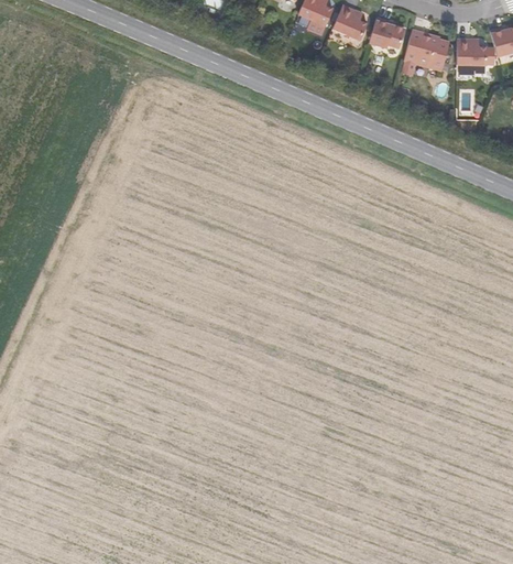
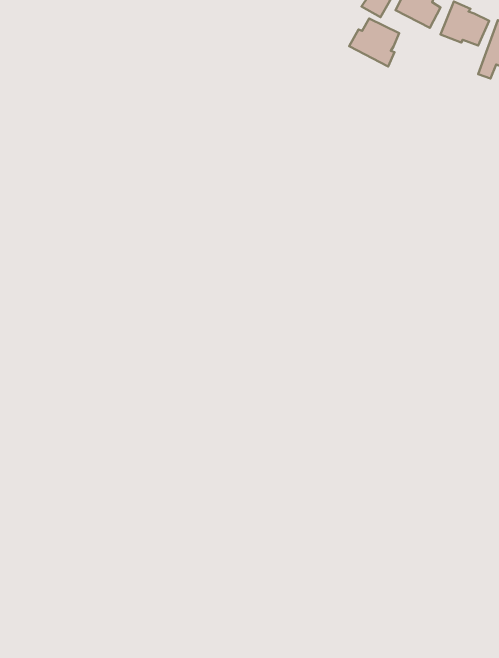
building: none -> [349,18,399,66]

